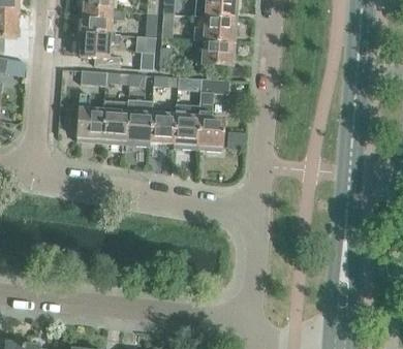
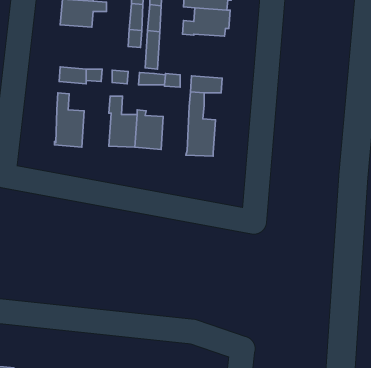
building: [75,31,120,67] -> none
building: [195,39,236,66] -> none
building: [101,101,128,145] -> none
building: [174,104,199,146] -> none

